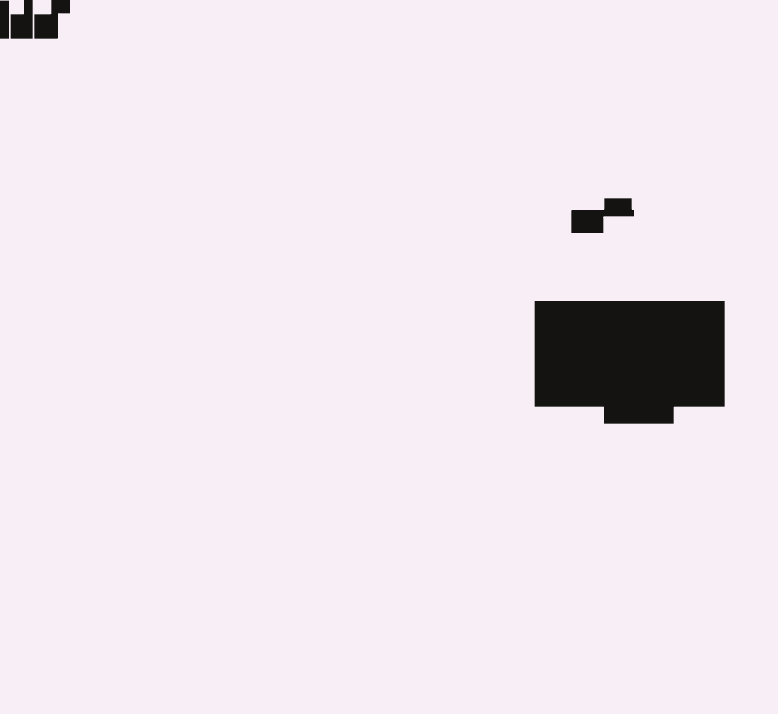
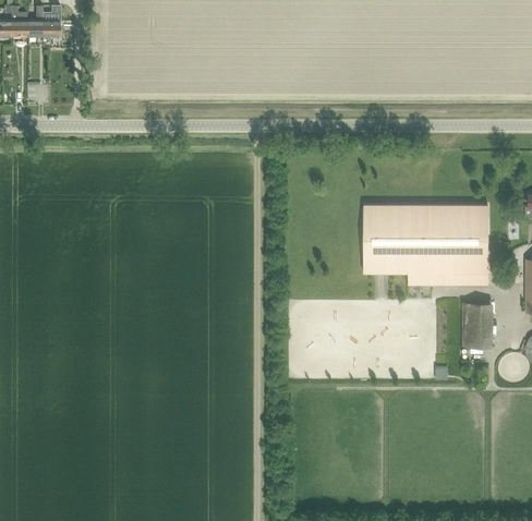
building: [571,197,634,234] -> none
building: none -> [461,302,493,347]

